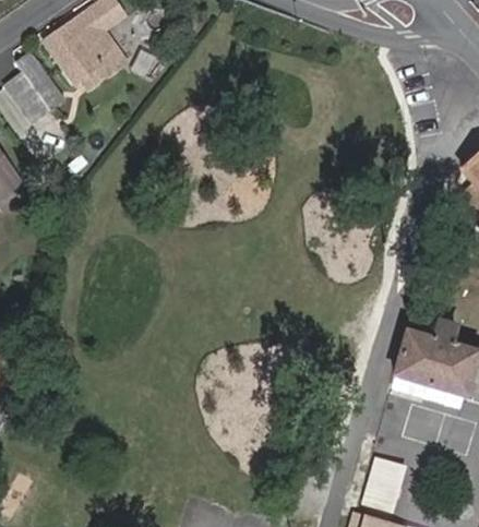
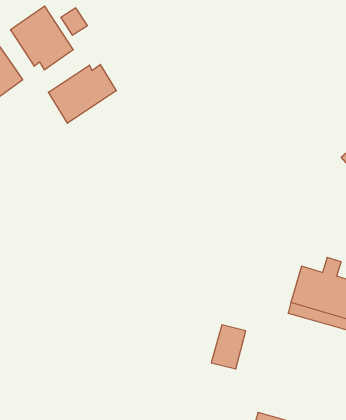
building: none -> [48,64,116,123]
building: [362,455,405,510] -> [211,325,246,369]

